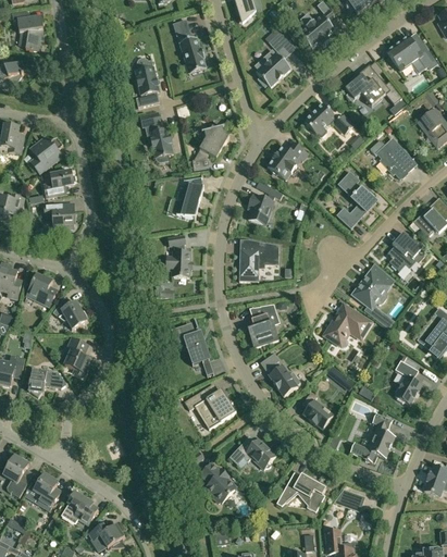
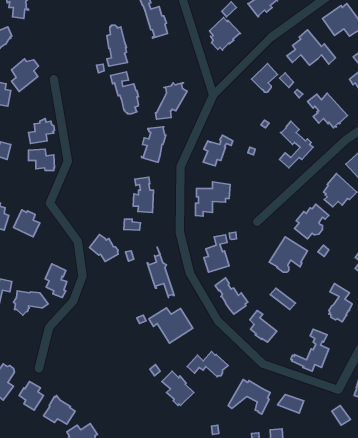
building: [30,135,62,173] -> [12,59,39,91]
building: [266,141,307,178] -> none
building: [52,296,86,327] -> [89,235,118,262]

